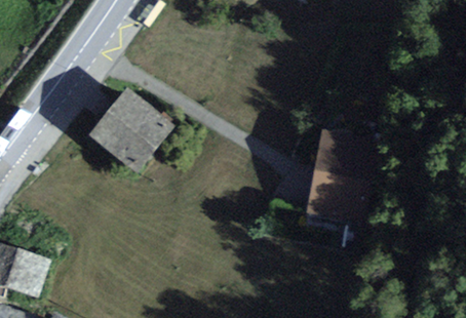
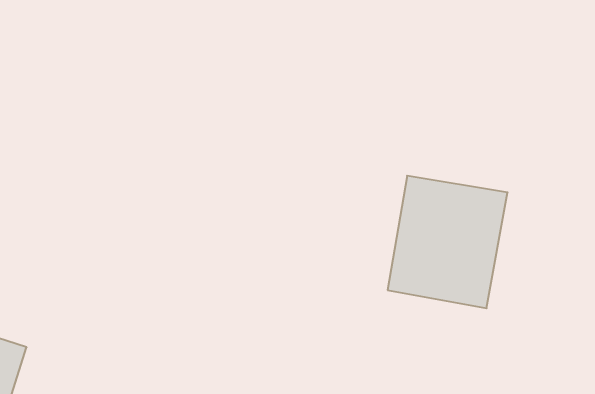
building: [86,88,165,165] -> none

